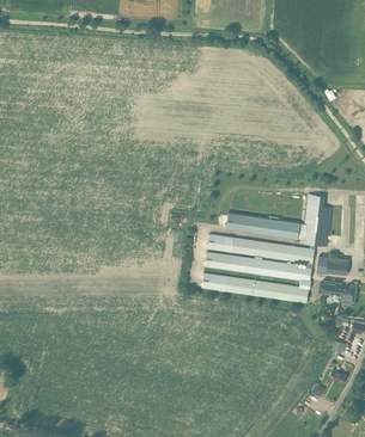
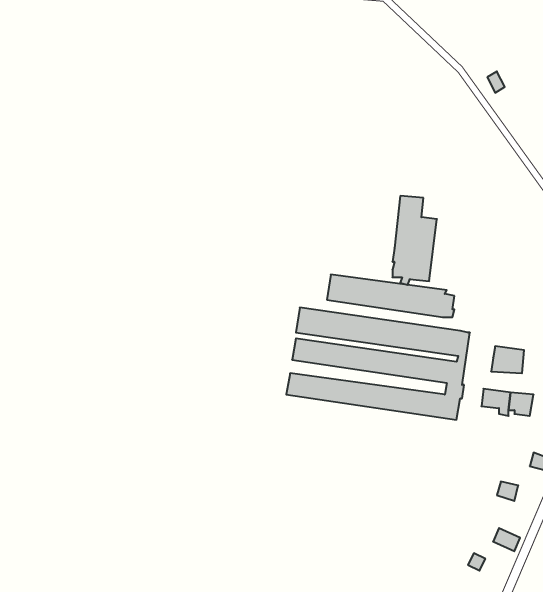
building: [303,193,330,248] -> [392,196,437,285]

